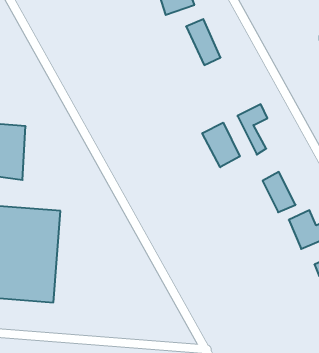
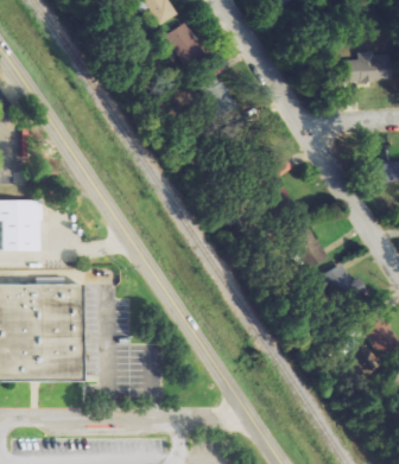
building: [202,123,240,167] -> none

